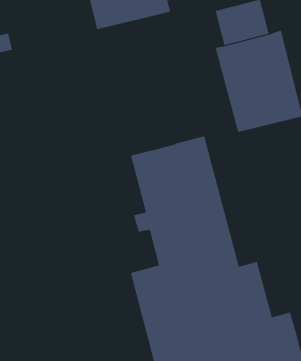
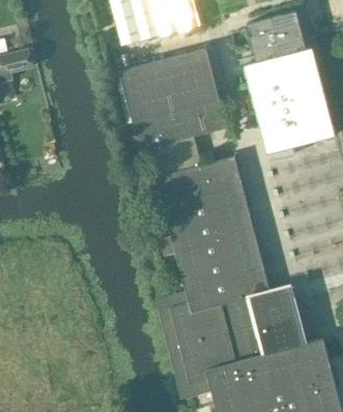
building: none -> [119,49,227,150]

